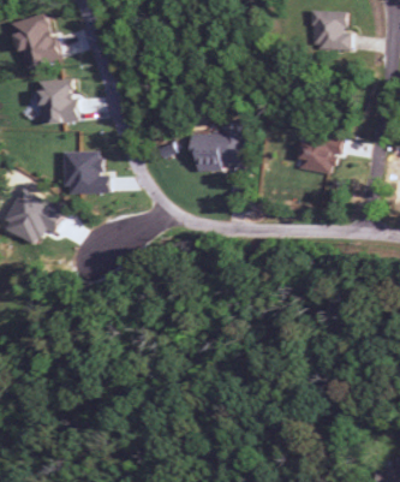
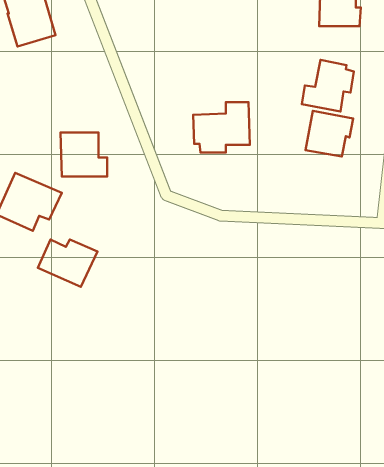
building: [37,79,77,124] -> none
building: none -> [302,60,354,112]
building: none -> [38,240,98,287]

